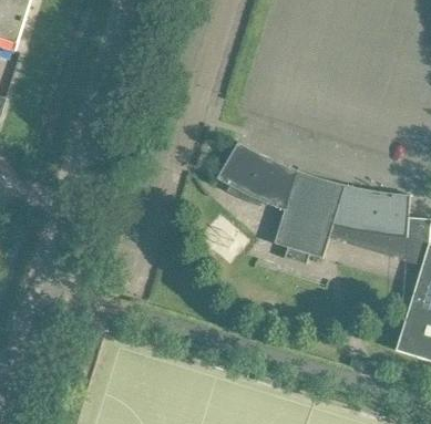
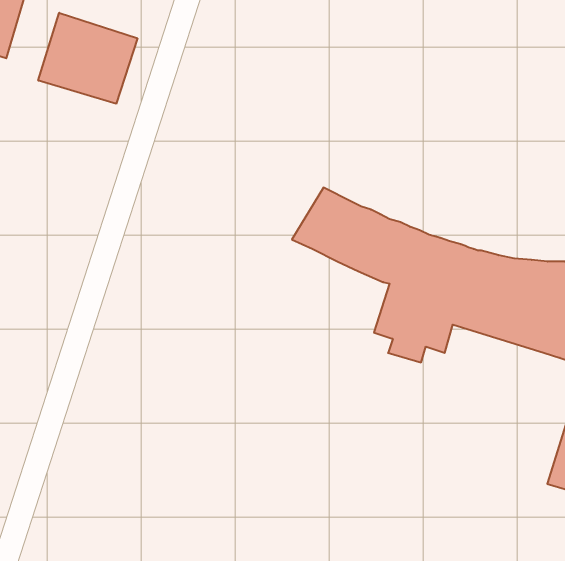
building: none -> [38,13,137,104]

